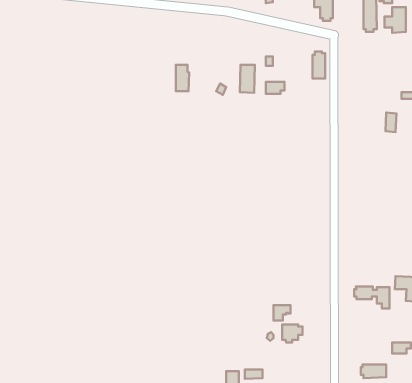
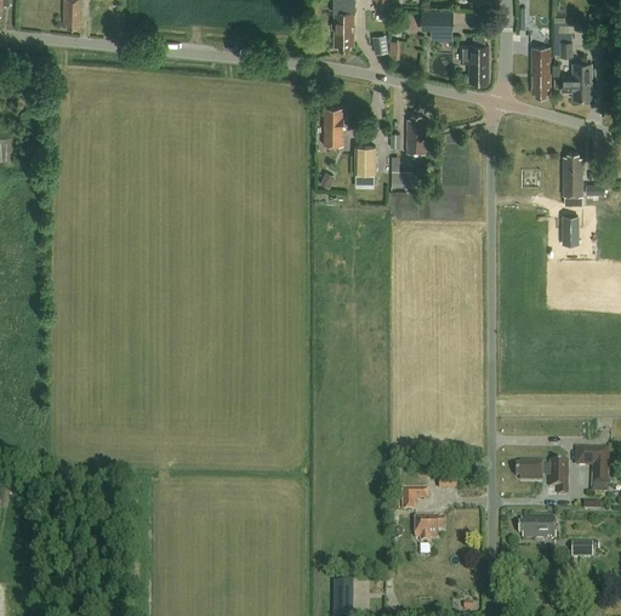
building: [312,51,325,79] -> [406,115,425,154]
building: [176,65,189,91] -> [323,108,342,146]
building: none -> [563,152,580,204]
building: [361,365,386,378] -> [519,518,556,537]

